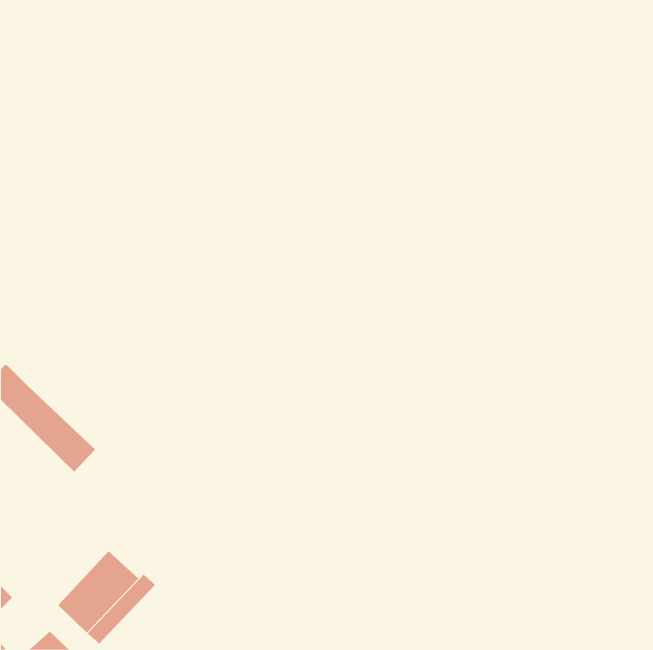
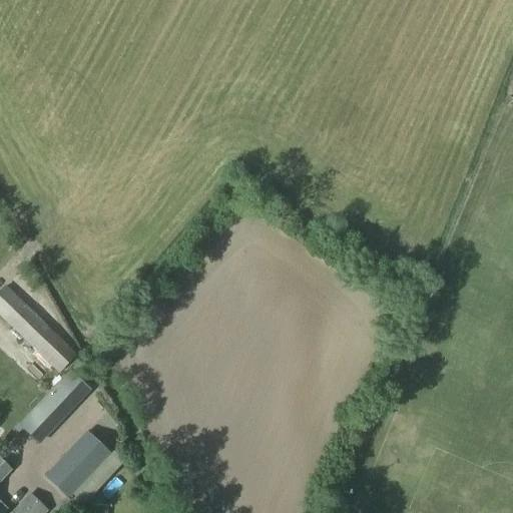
building: none -> [21,369,91,442]

